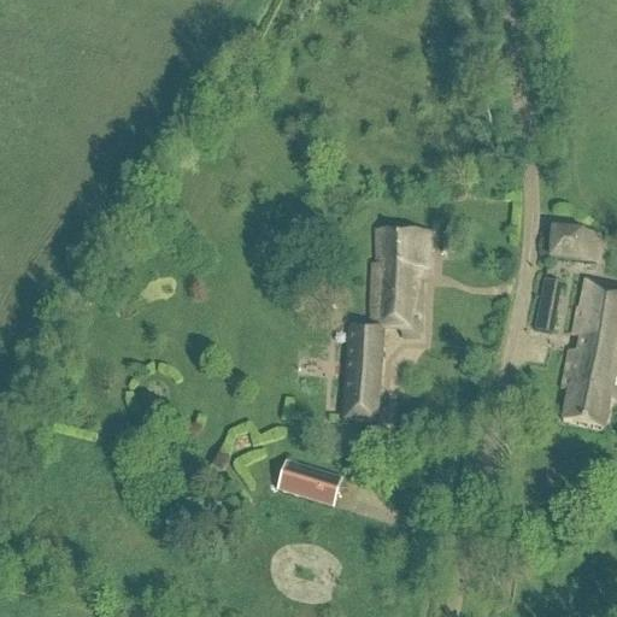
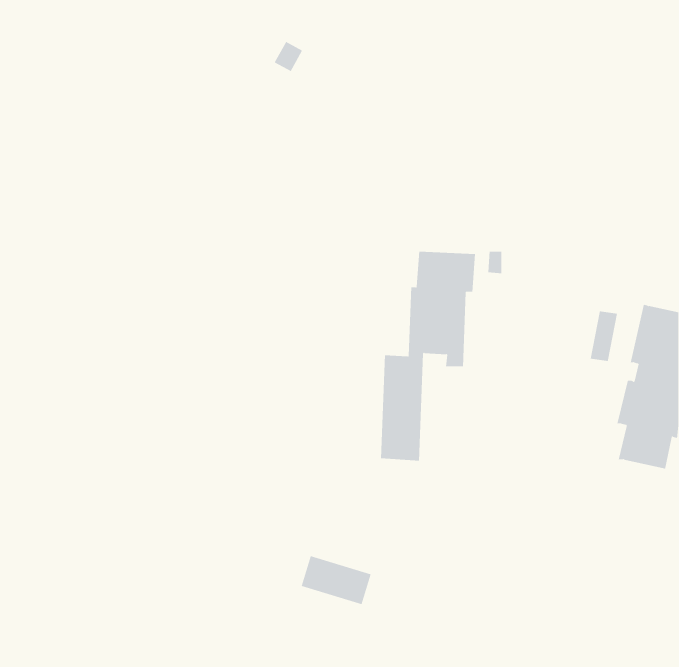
building: [552,225,601,257] -> none
building: [277,459,341,504] -> [301,556,371,605]

